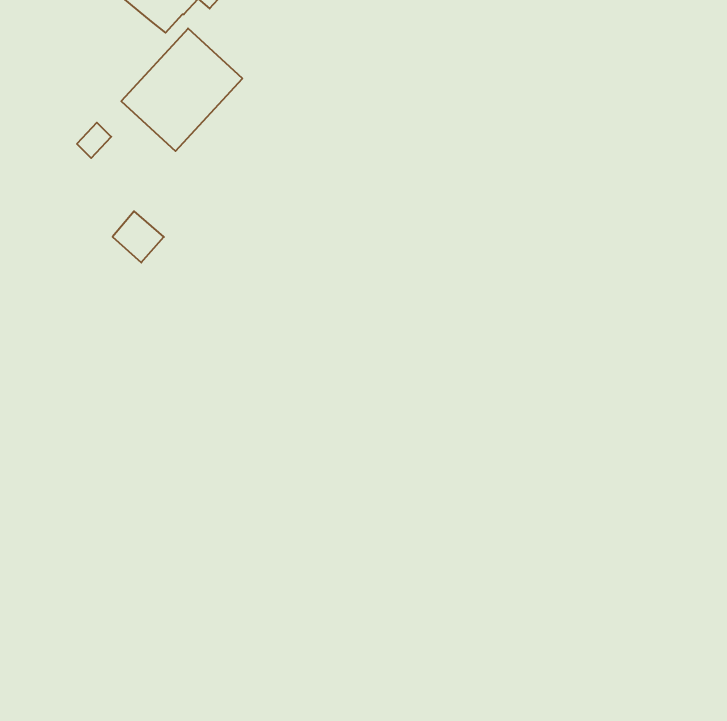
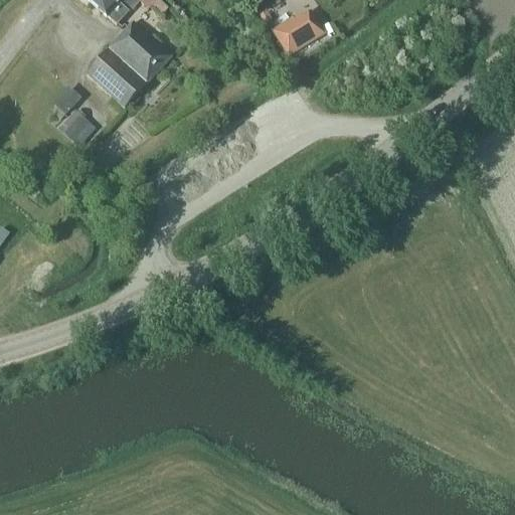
building: none -> [271,8,326,56]
building: [113,211,164,263] -> [60,109,97,145]

